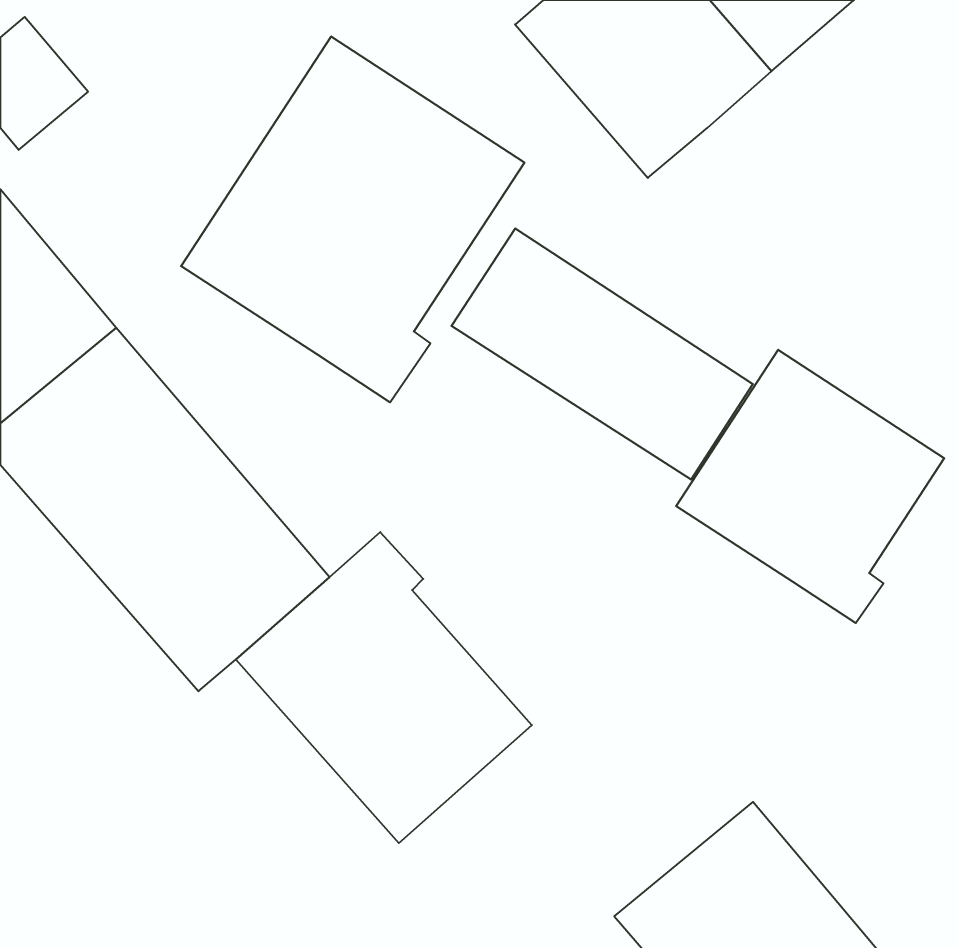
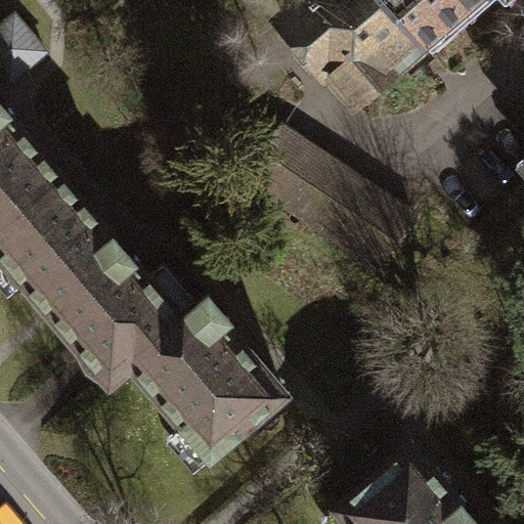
building: [181,36,524,402] -> none
building: [676,350,944,623] -> none

